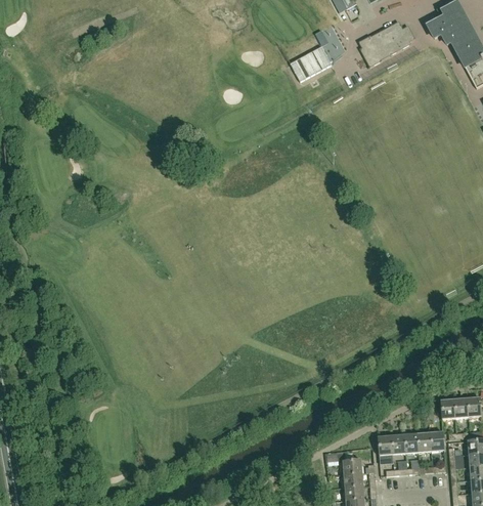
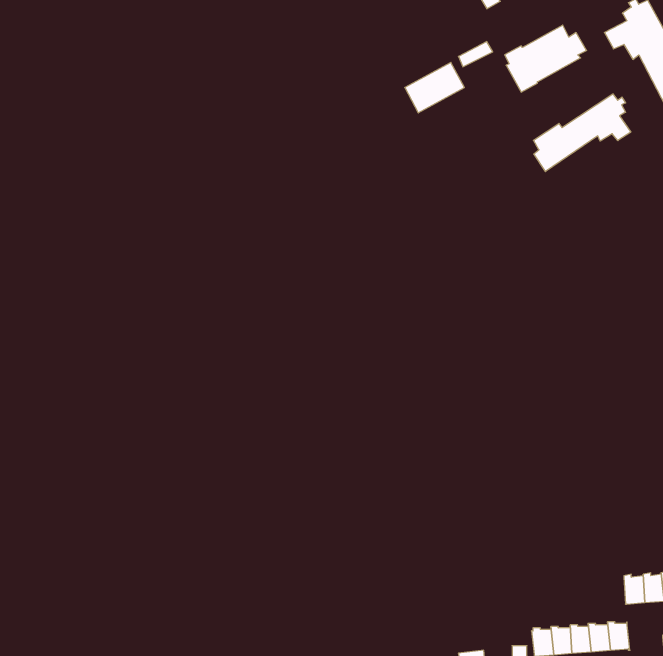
building: none -> [533,94,631,172]

